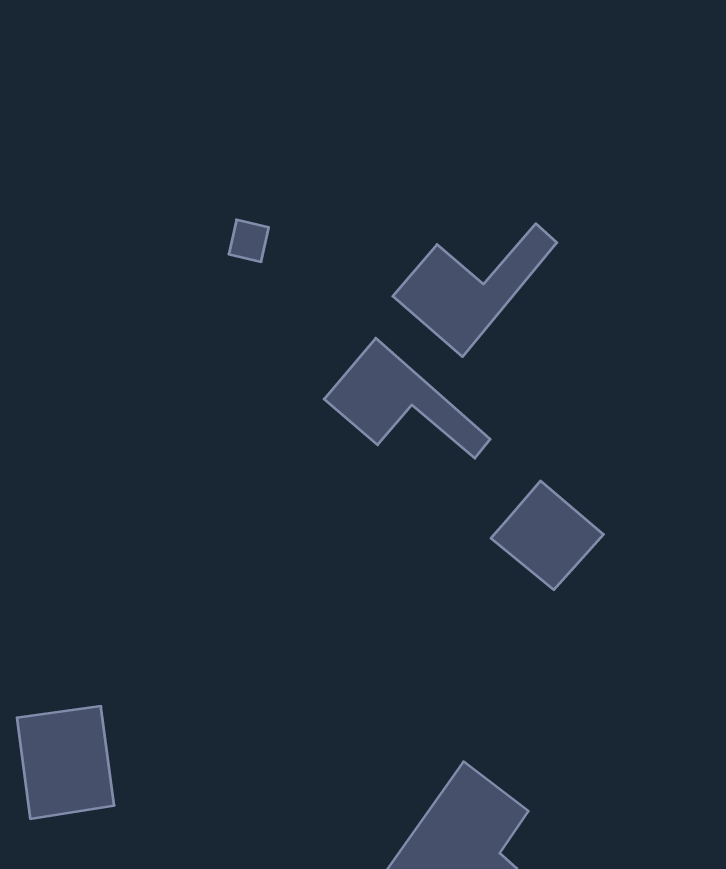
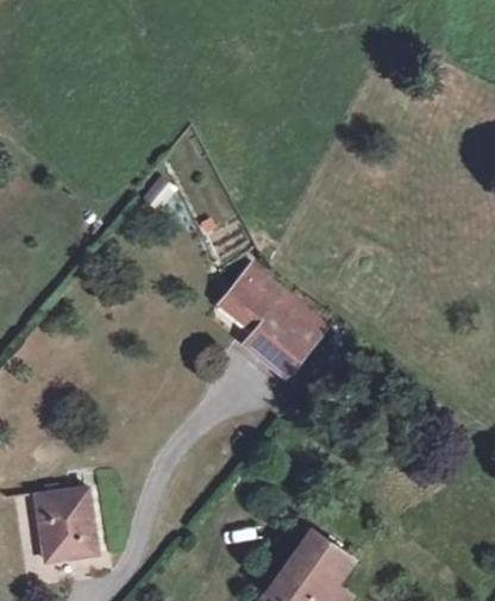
building: [393,224,557,357] -> none
building: [491,481,604,590] -> [249,305,319,373]

